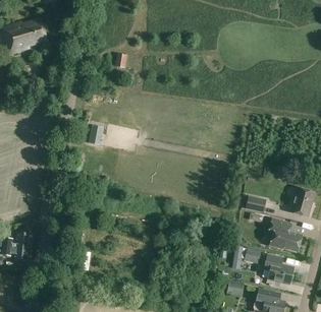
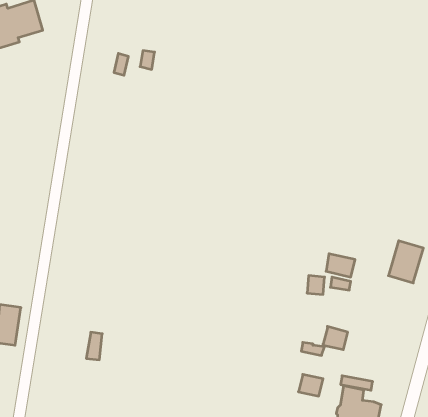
building: [267,217,302,251] -> none
building: [264,254,293,283] -> none

